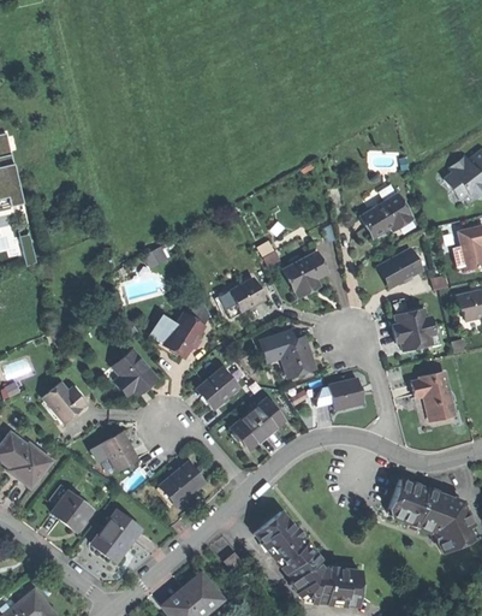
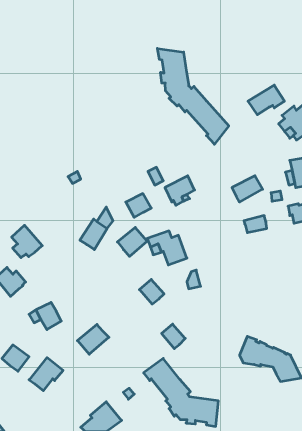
building: none -> [157,48,229,144]
building: [359,195,411,237] -> [248,85,284,115]
building: [400,327,433,350] -> none
building: [113,349,156,395] -> [12,225,42,258]
building: [196,368,238,409] -> [117,227,147,256]
building: [412,372,456,422] -> none
building: [328,378,363,409] -> none
building: [232,414,266,449] -> [162,324,185,349]

